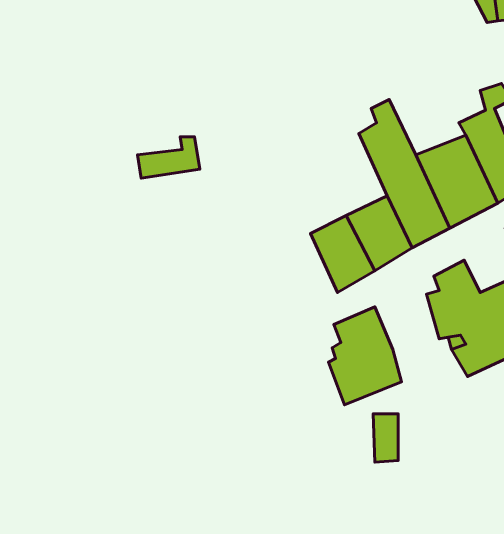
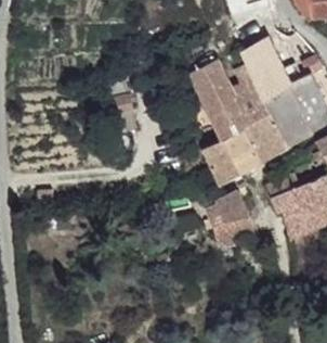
building: none -> [240,39,293,101]
building: none -> [187,55,246,138]

